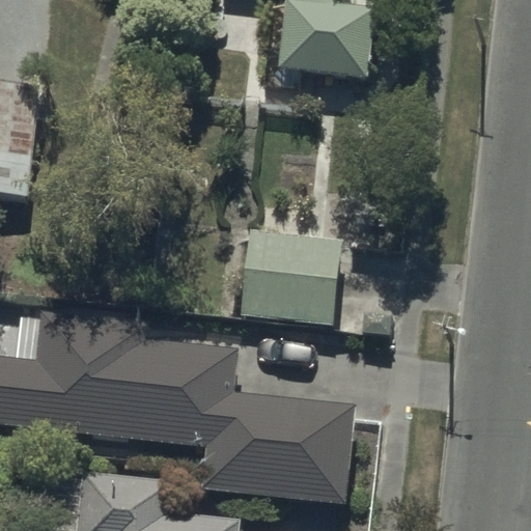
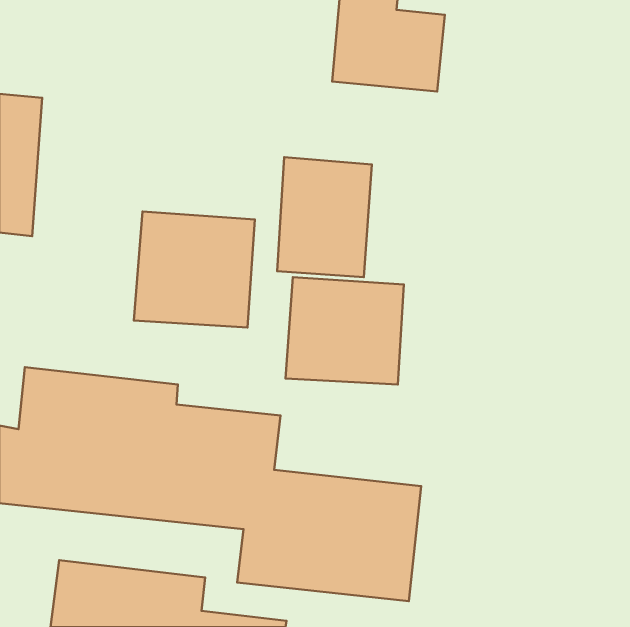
building: none -> [277,157,372,277]
building: none -> [134,212,255,328]

